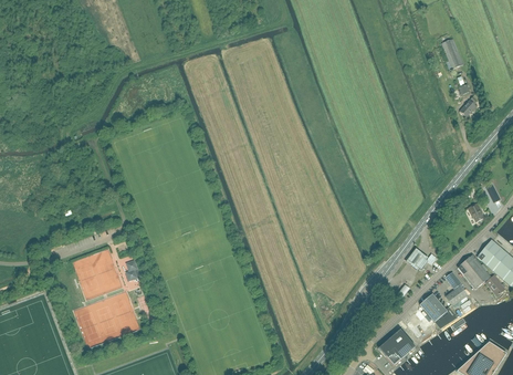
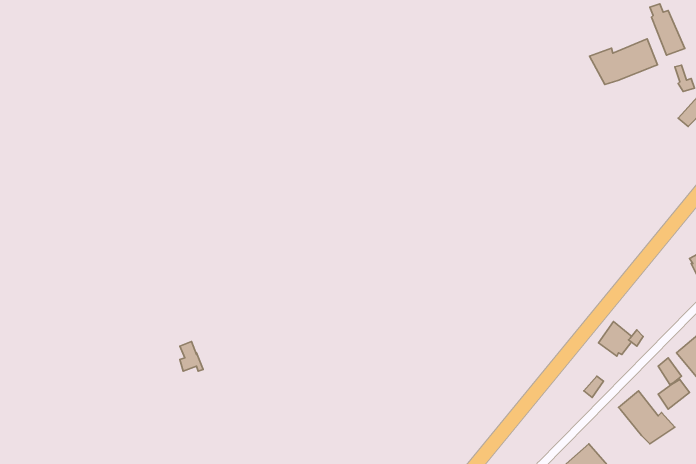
building: none -> [590,39,657,85]

